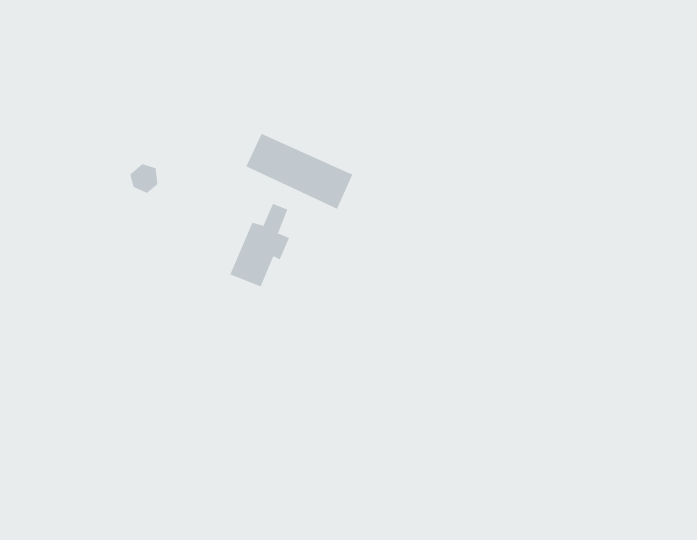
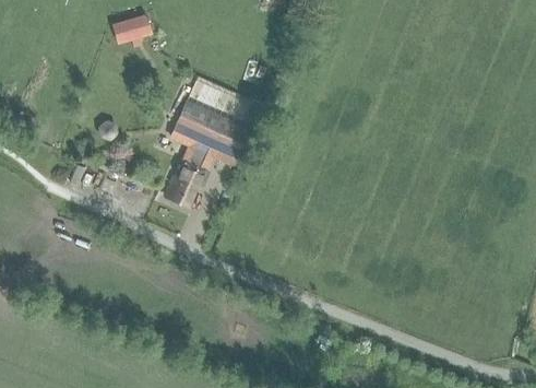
building: none -> [110,14,151,48]

